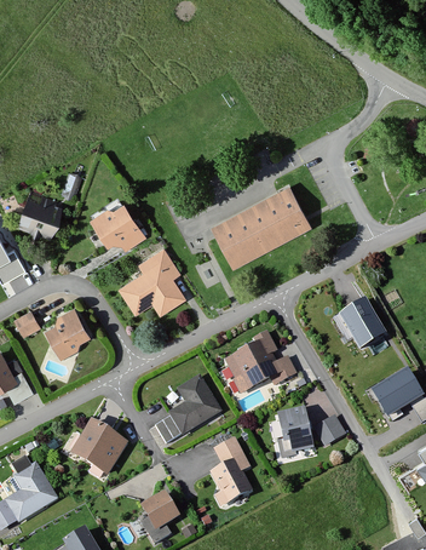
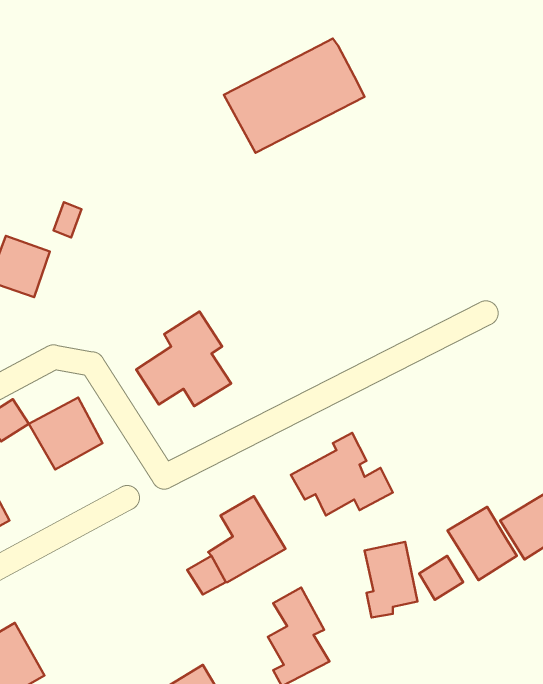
building: [212,189,309,268] -> [224,39,365,153]
building: [90,200,144,250] -> none
building: [338,300,384,350] -> none
building: none -> [447,507,517,580]
building: [75,420,131,475] -> none

